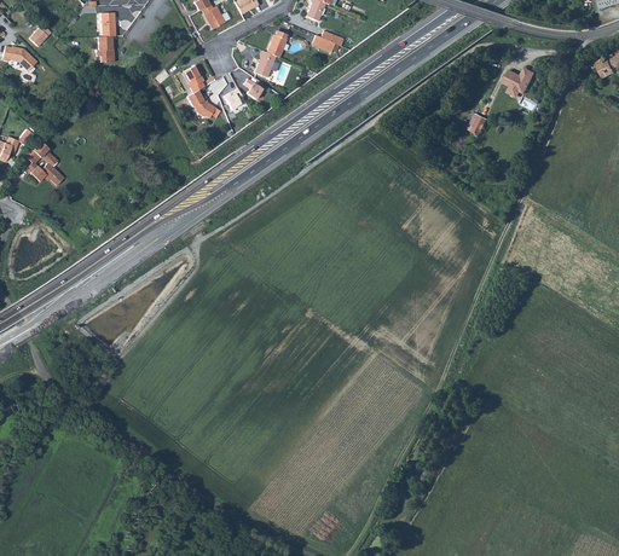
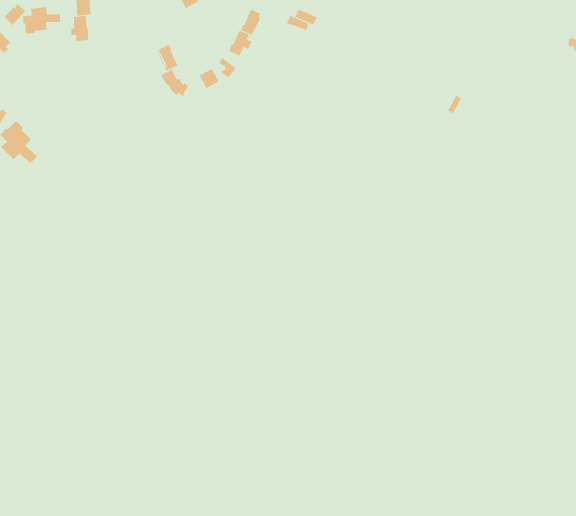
building: none -> [22,7,61,34]
building: [504,66,538,94] -> none

